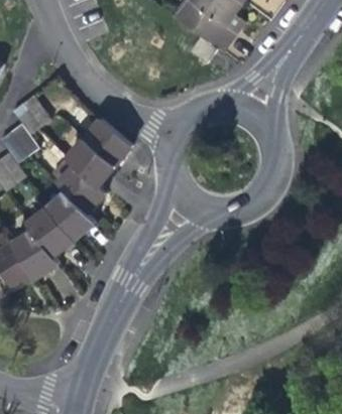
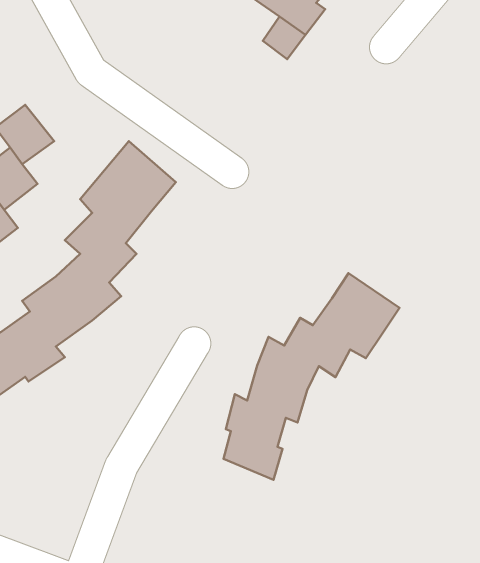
building: none -> [223,273,400,480]

